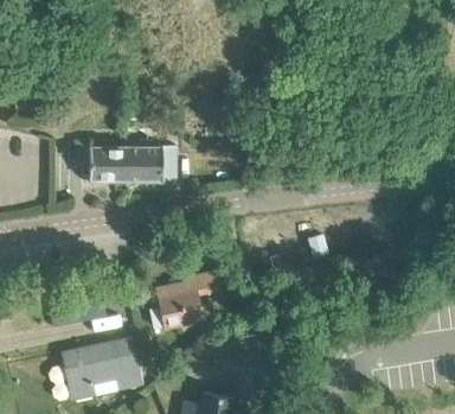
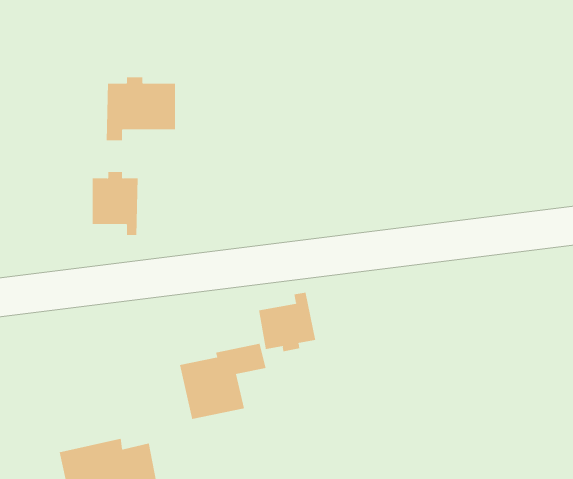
building: [122,140,175,189] -> [106,77,176,141]
building: none -> [259,292,316,352]

